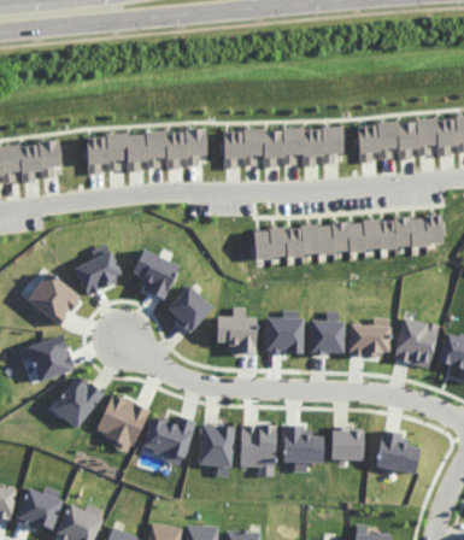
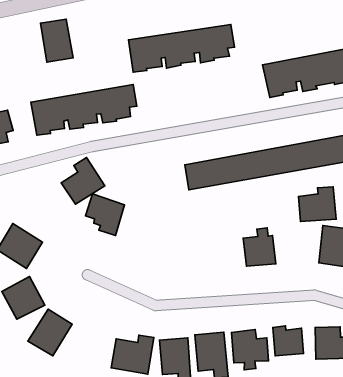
building: none -> [40,19,73,62]
building: [222,127,342,168] -> [128,24,235,72]
building: [74,242,123,294] -> [61,158,105,204]
building: [166,284,212,331] -> none
building: [216,306,257,353] -> none
building: [265,310,303,352] -> none
building: [348,317,390,356] -> [299,187,336,221]
building: [95,393,148,453] -> none

